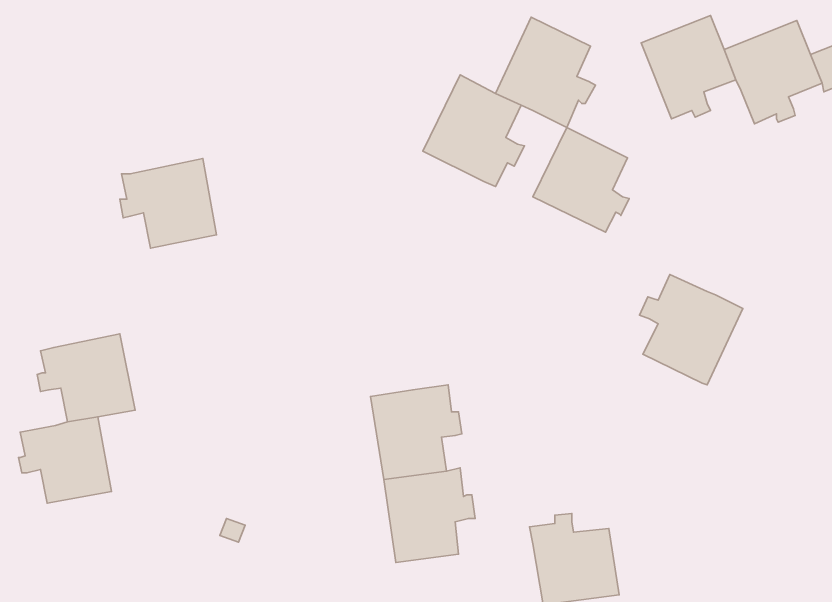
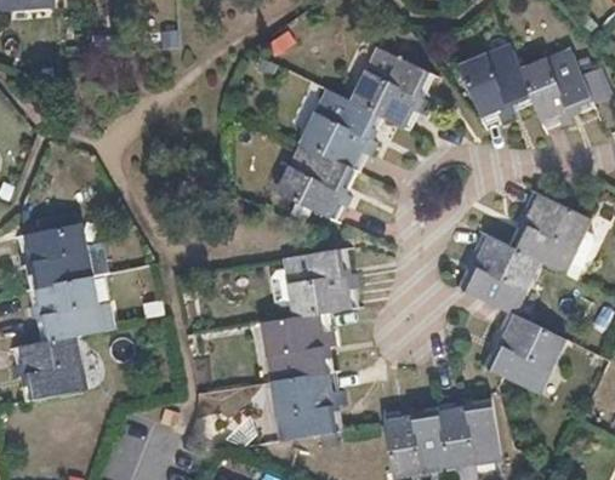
building: [533,127,629,232] -> [281,147,351,222]
building: [120,158,216,248] -> [19,223,89,287]
building: none -> [516,193,587,272]
building: none -> [290,251,358,318]
building: none -> [488,314,560,395]
building: none -> [438,398,501,464]

